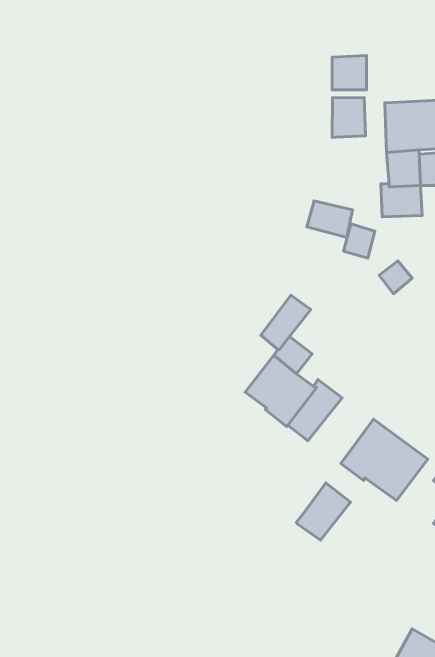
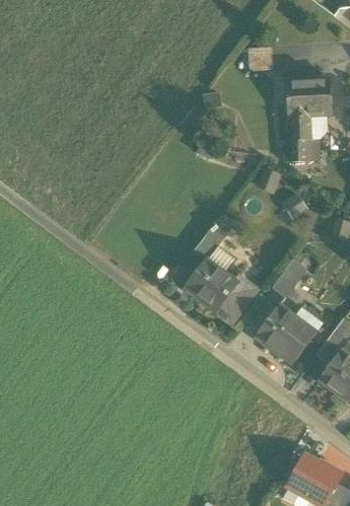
building: [332,97,365,138] -> none
building: [307,201,352,238] -> none
building: none -> [274,258,308,297]
building: [297,483,350,540] -> none

